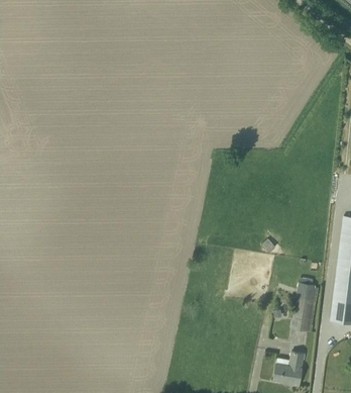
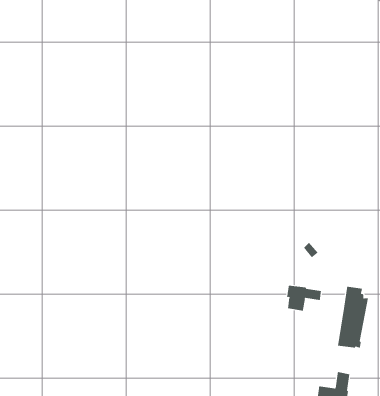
building: none -> [287,285,321,311]

